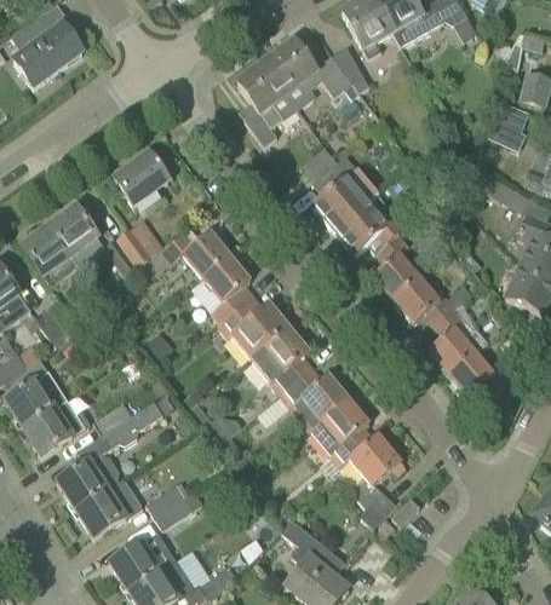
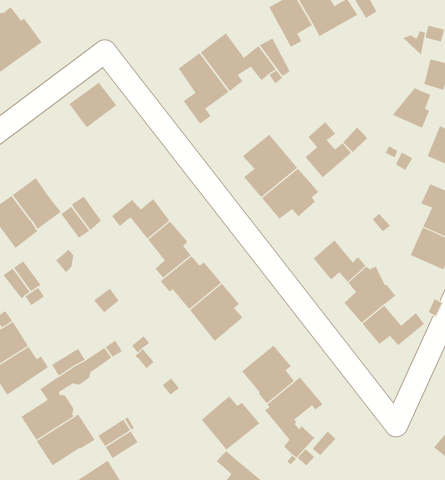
building: [114,152,170,206] -> [68,82,117,128]
building: [373,234,427,299] -> [304,121,352,178]
building: [281,367,349,430] -> [201,396,260,450]

